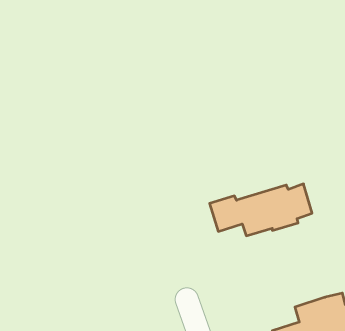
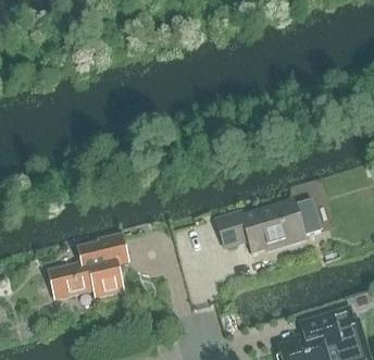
building: none -> [47,232,128,297]

